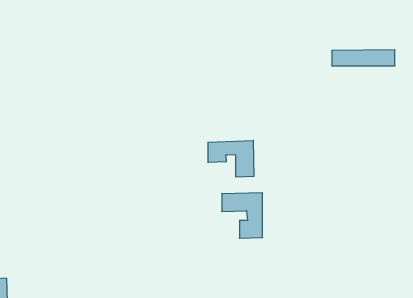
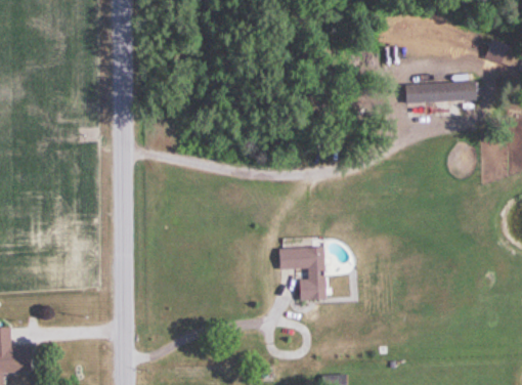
building: [208,140,254,177] -> none

